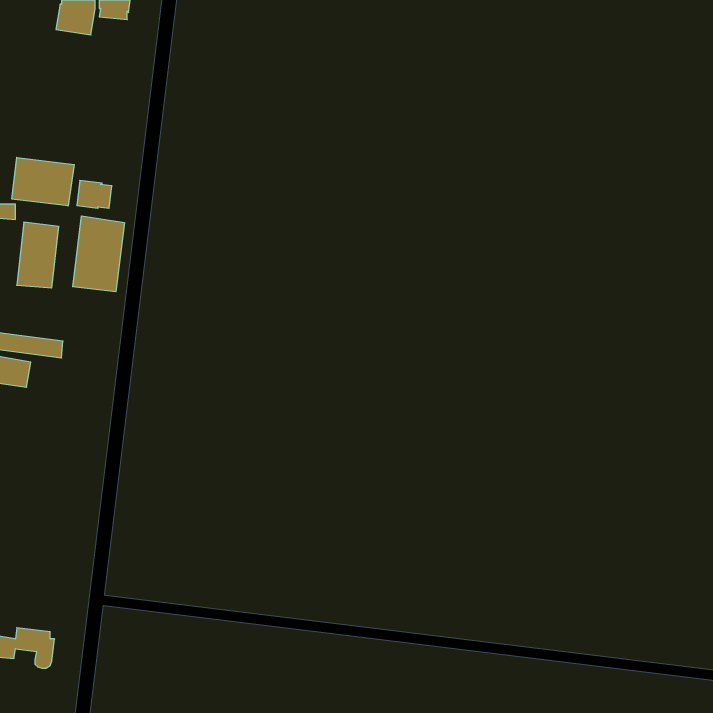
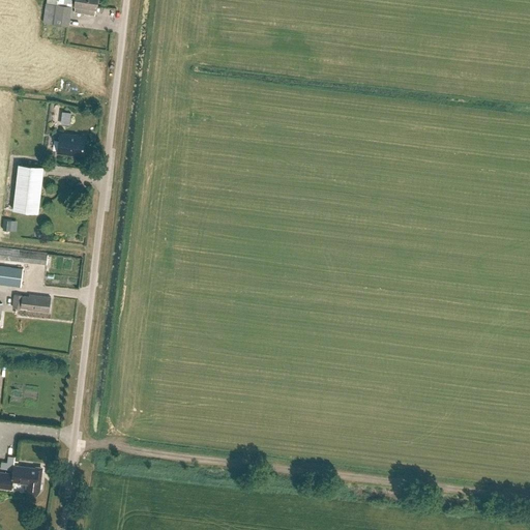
building: [12,157,74,206] -> none
building: [73,216,124,292] -> none
building: none -> [10,295,50,312]

